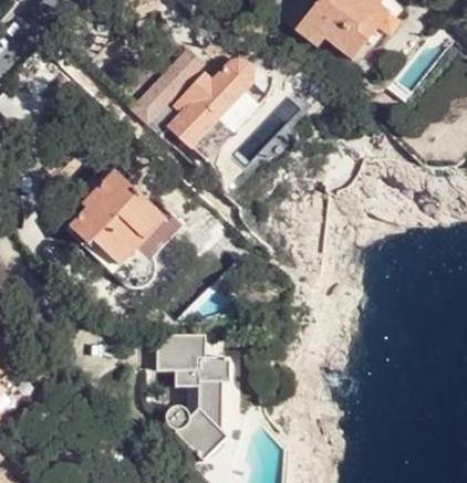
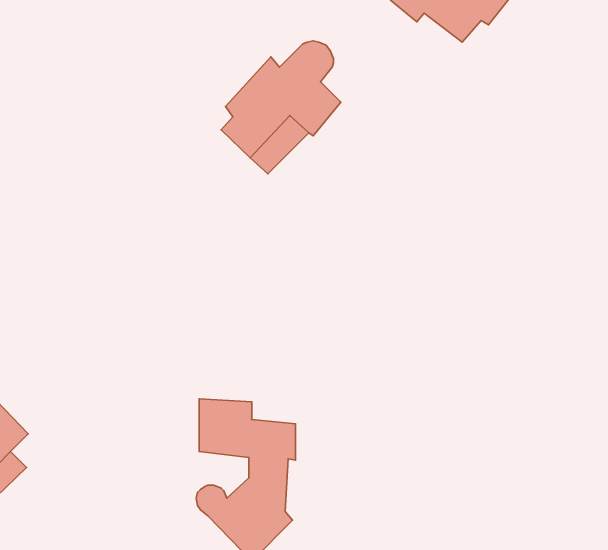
building: [70,170,179,285] -> none

